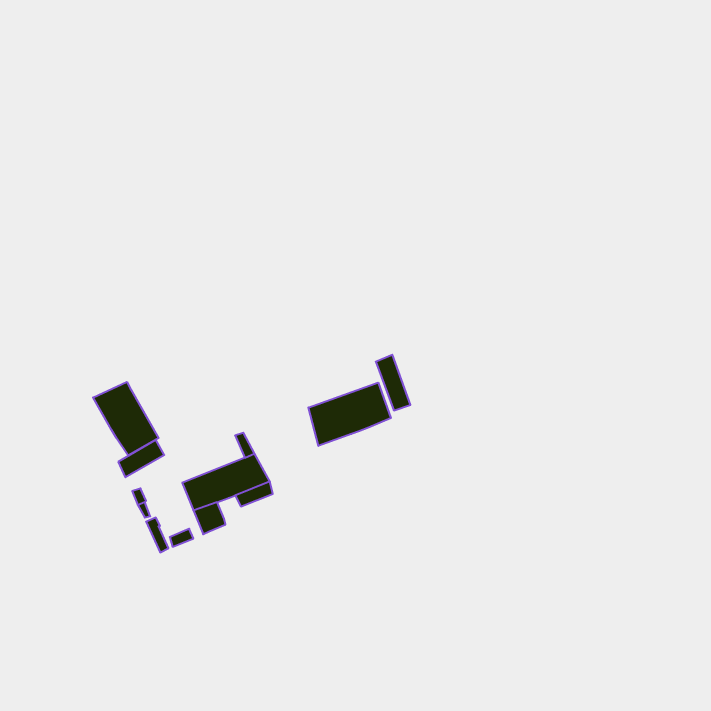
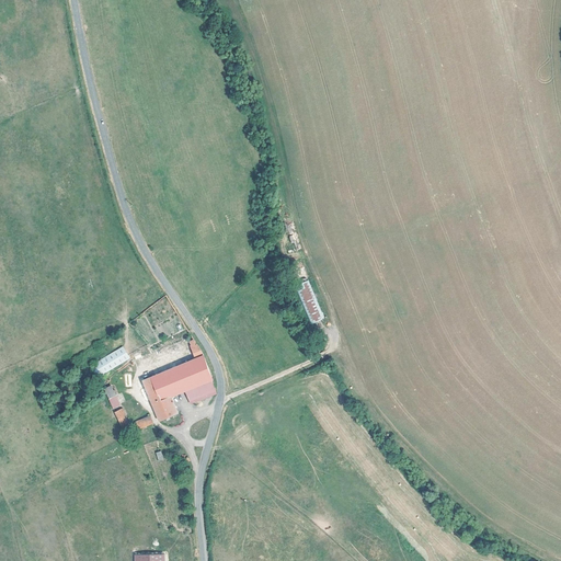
building: [93,382,159,456] -> none
building: [308,383,391,446] -> none

